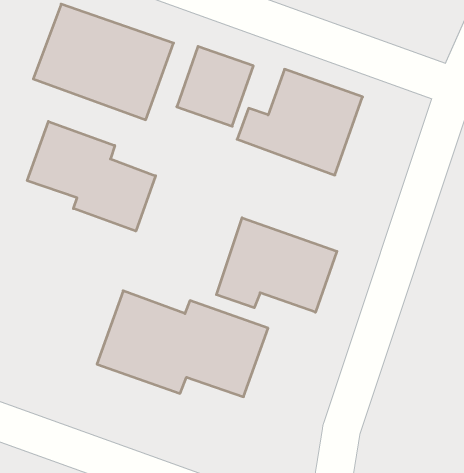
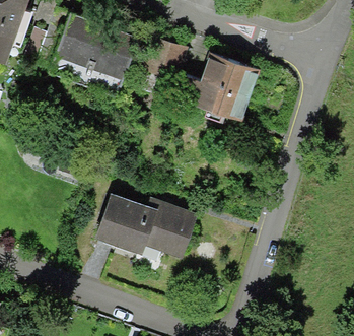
building: [27,121,156,231] -> none
building: [216,218,337,312] -> none

